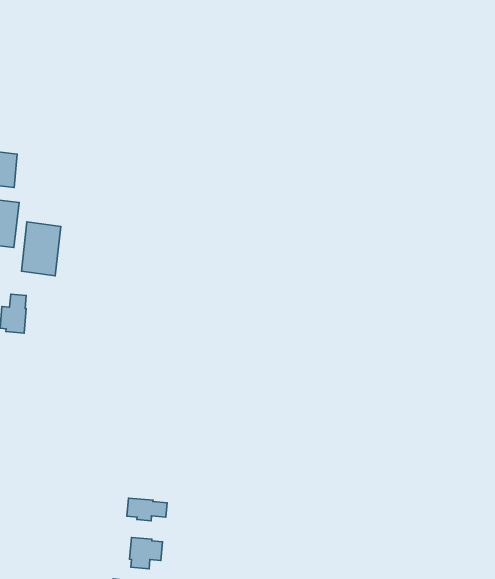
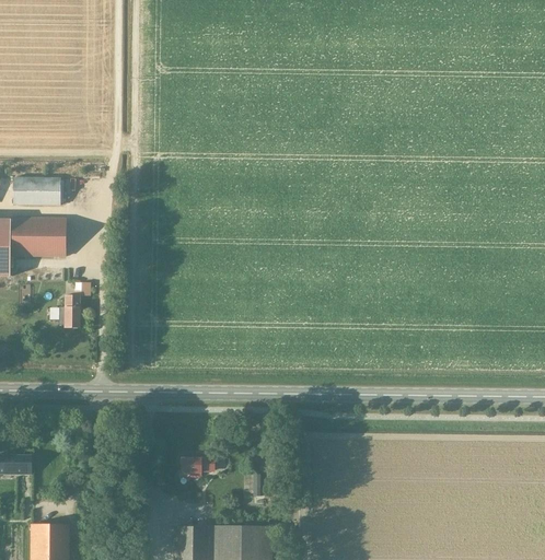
building: [21,222,61,276] -> none
building: [129,537,162,569] -> none

